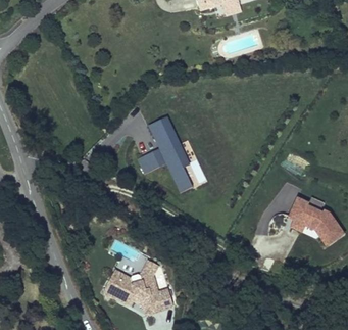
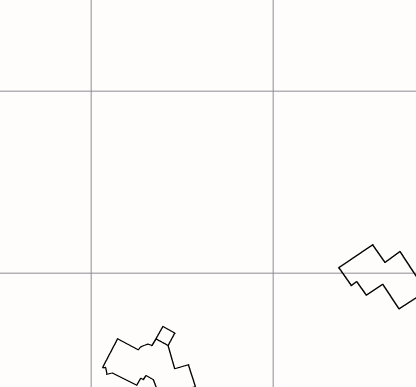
building: [136,113,194,192] -> none

